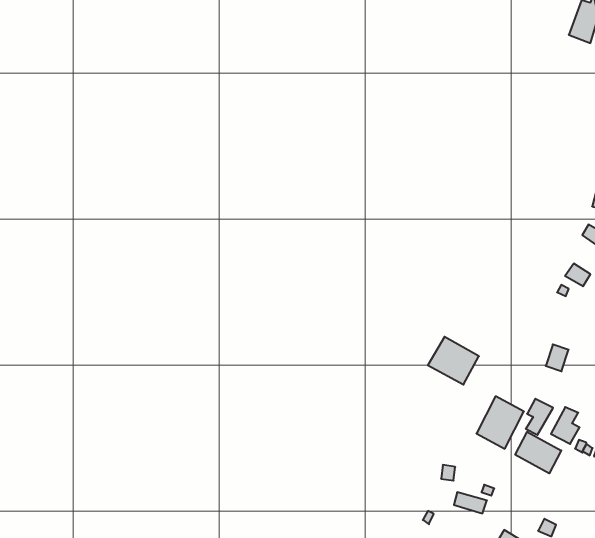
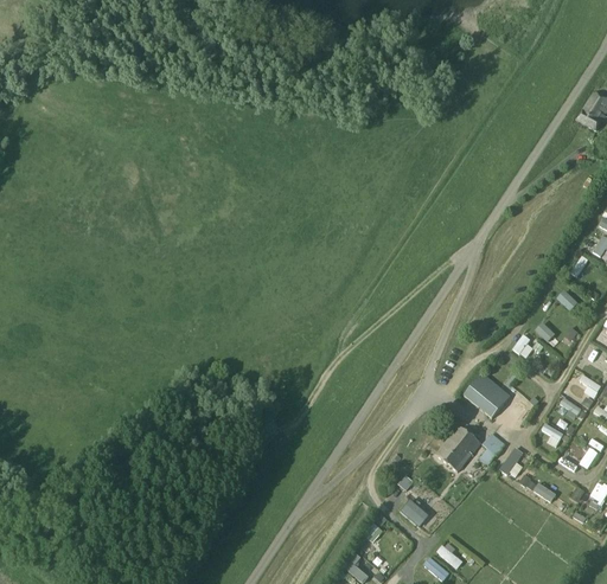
building: [428,337,479,385] -> [462,373,509,418]
building: [515,432,561,473] -> none

